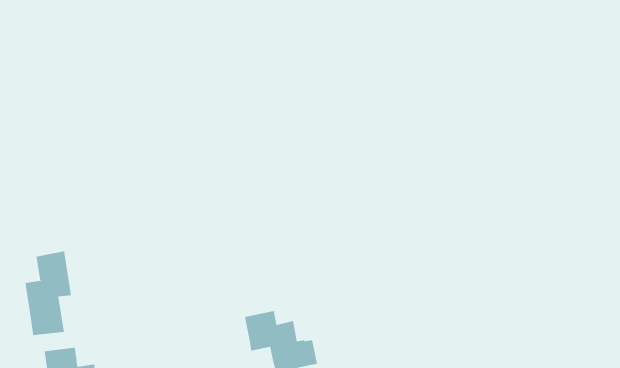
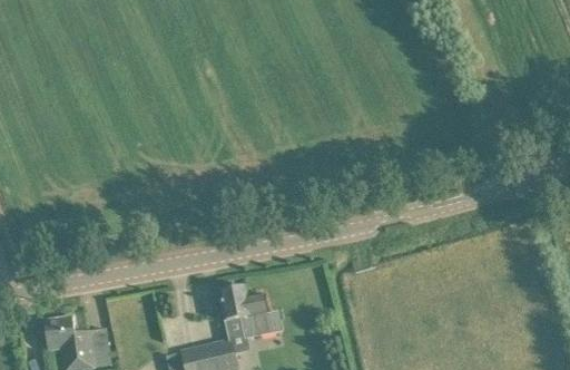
building: [25,251,72,336] -> none

